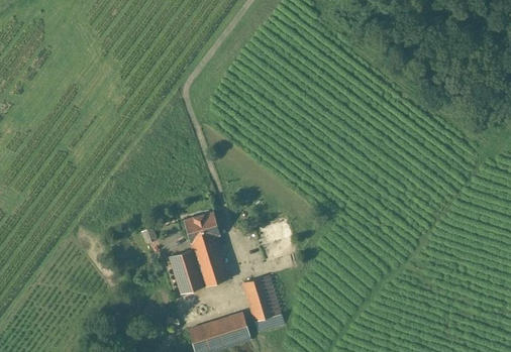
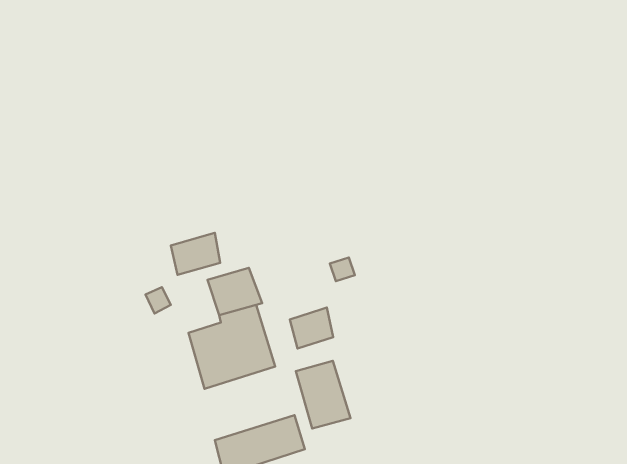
building: none -> [171,233,220,275]
building: none -> [290,308,333,348]

